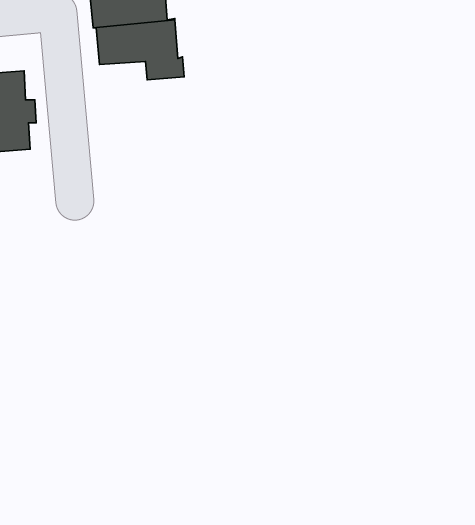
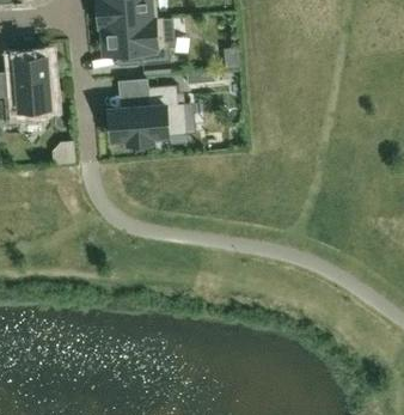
building: none -> [105,83,183,141]

